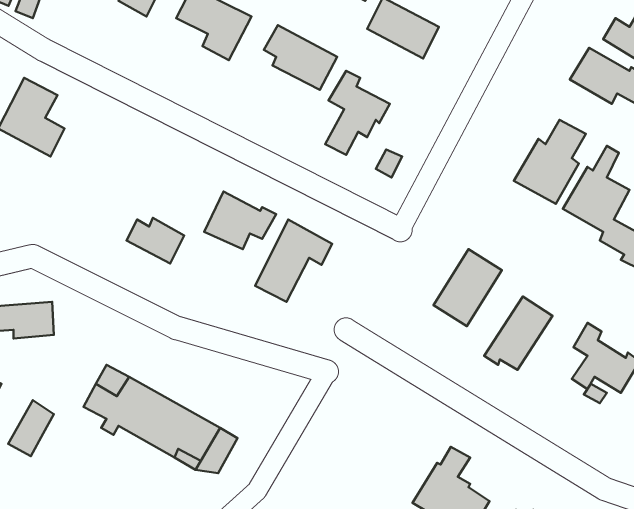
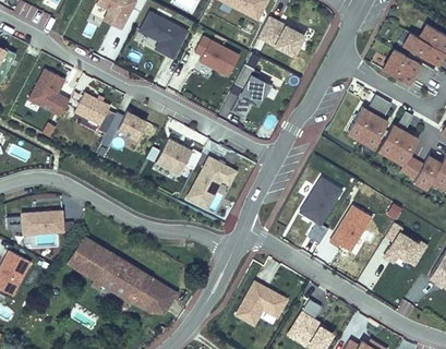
building: none -> [73,93,109,127]
building: [127,218,184,263] -> [109,111,145,140]
building: [8,400,54,456] -> [67,239,95,274]
building: none -> [238,281,288,324]

